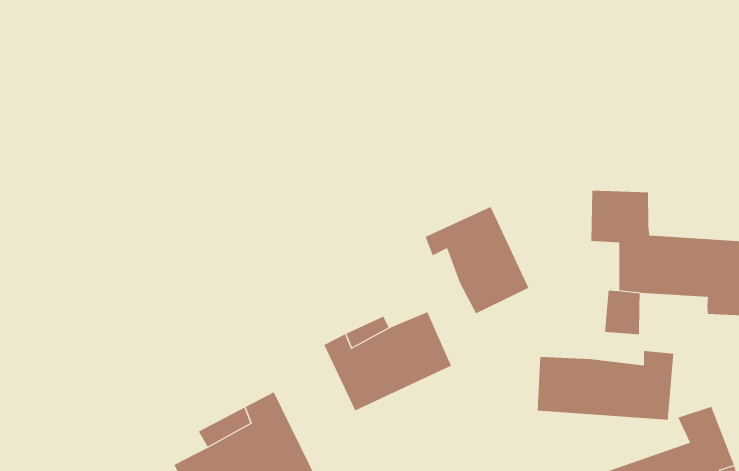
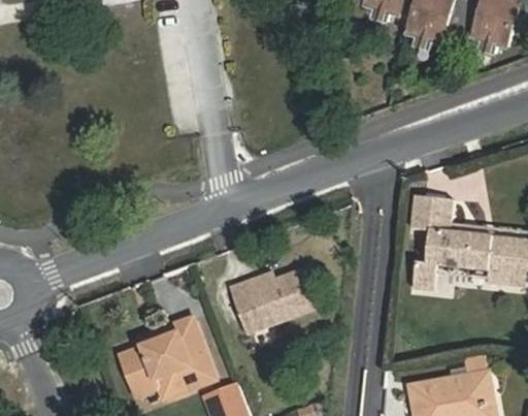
building: [425,206,529,314] -> none
building: [537,350,674,421] -> none

